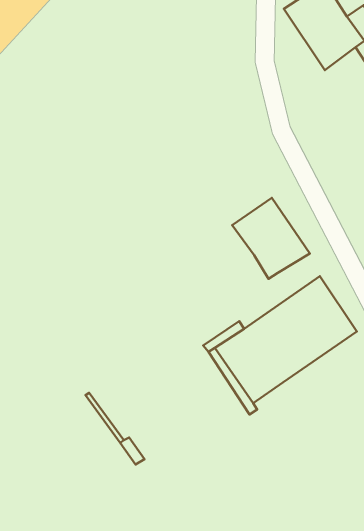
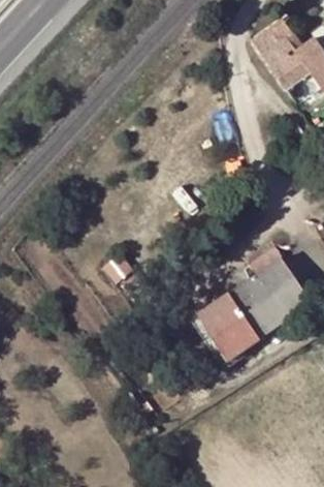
building: [232,198,310,279] -> none

